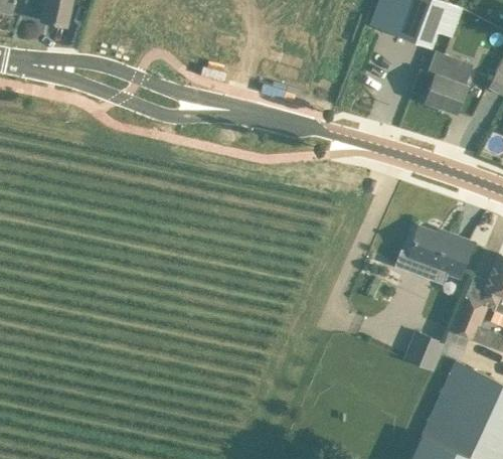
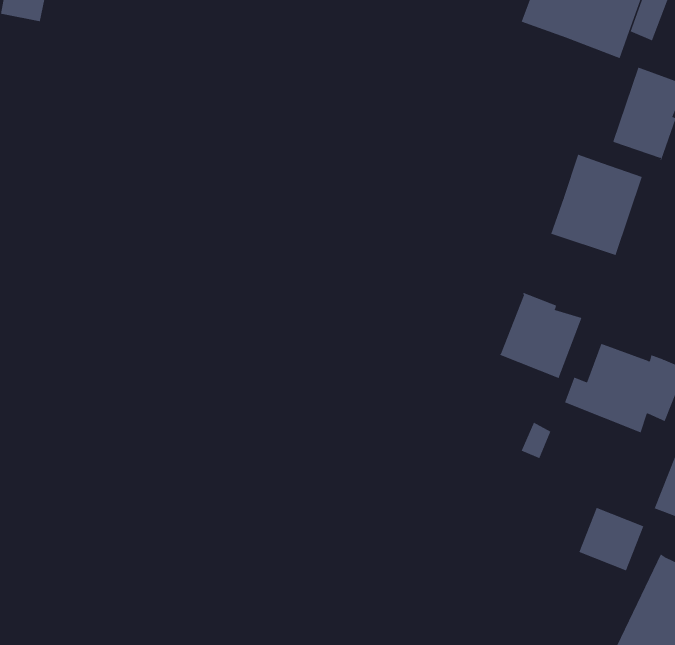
building: none -> [550,154,642,256]
building: none -> [499,292,582,379]

